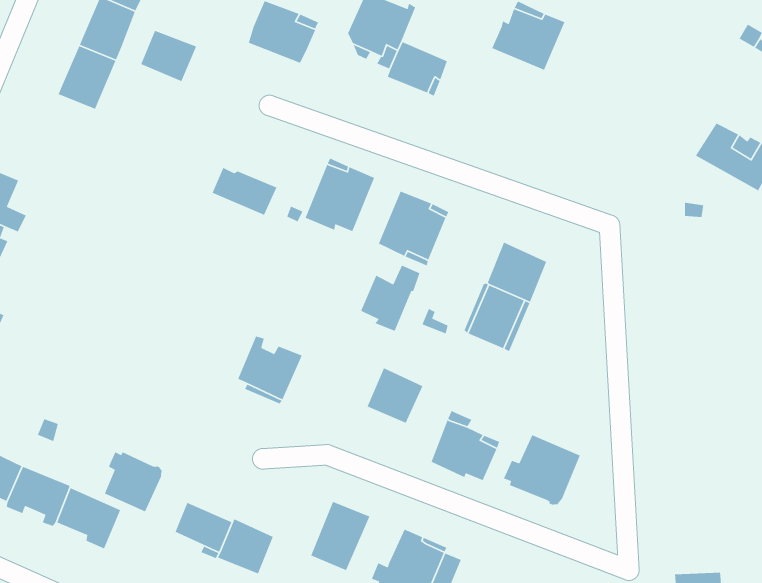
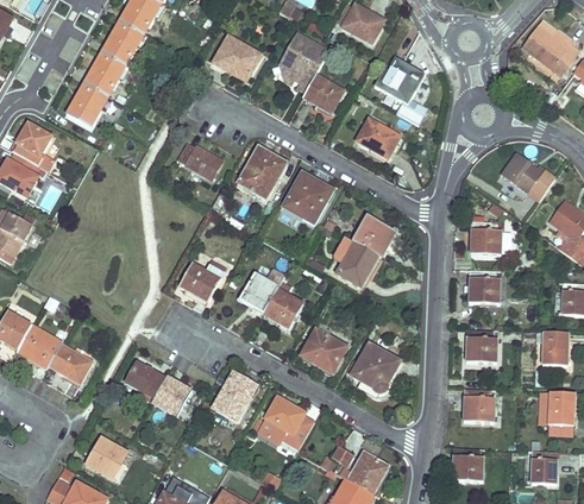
building: [140,30,197,82] -> none
building: none -> [65,82,107,127]
building: none -> [357,119,401,162]
building: none -> [470,220,502,256]
building: [360,264,421,332] -> [241,269,284,313]
building: none -> [469,270,500,303]
building: none -> [465,328,497,363]
building: [104,451,163,512] -> none
building: none -> [463,388,495,422]

